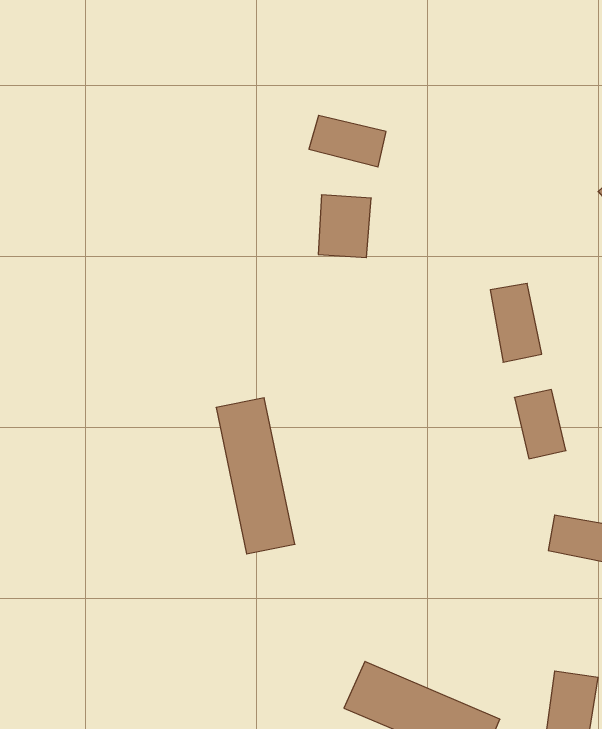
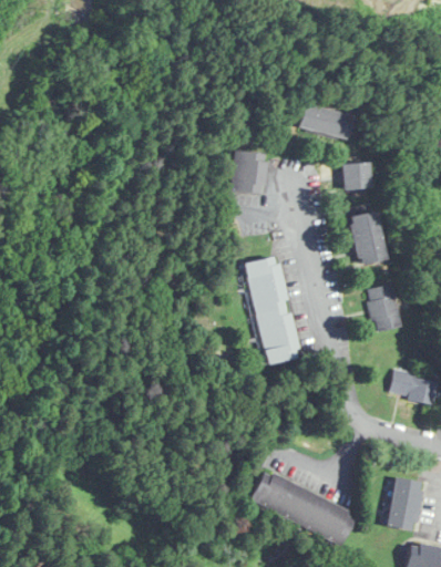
building: [309,115,386,167] -> [297,104,350,140]
building: none -> [340,162,369,190]
building: [216,398,295,554] -> [244,257,298,364]

